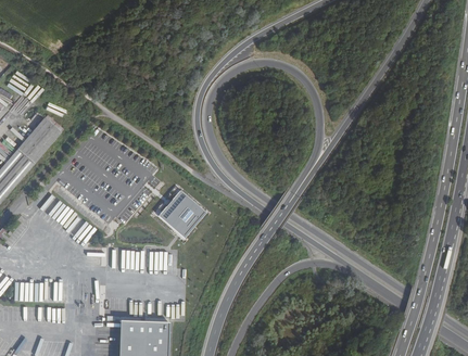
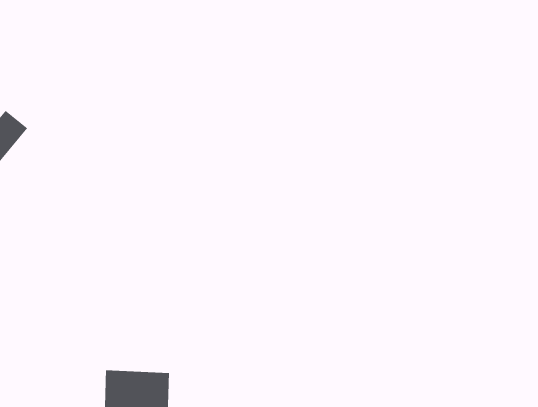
building: [161,188,207,234] -> none

